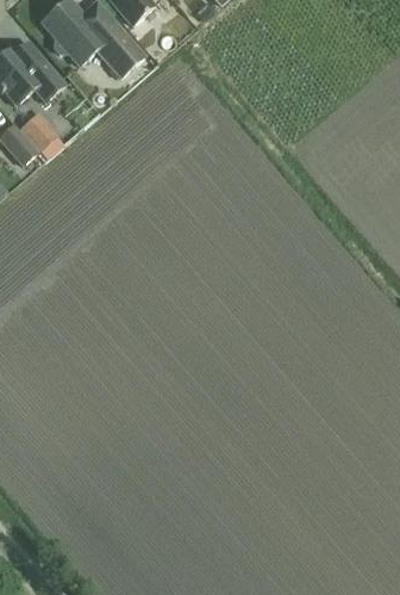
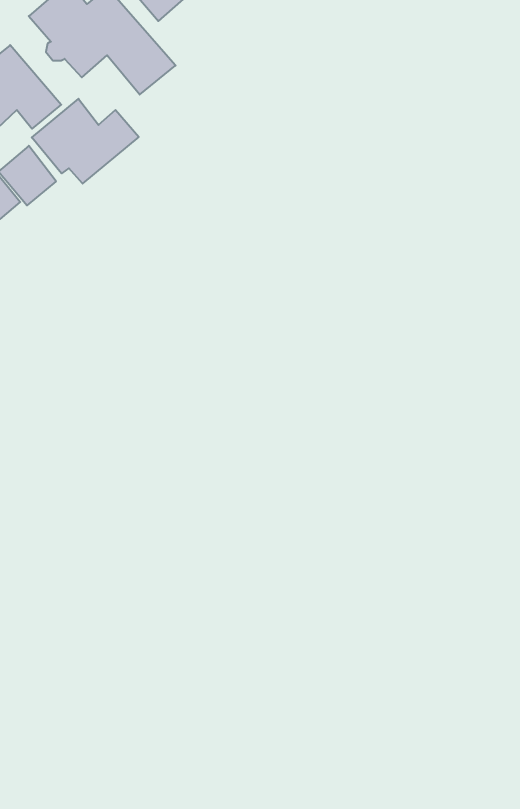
building: none -> [32,99,139,184]

